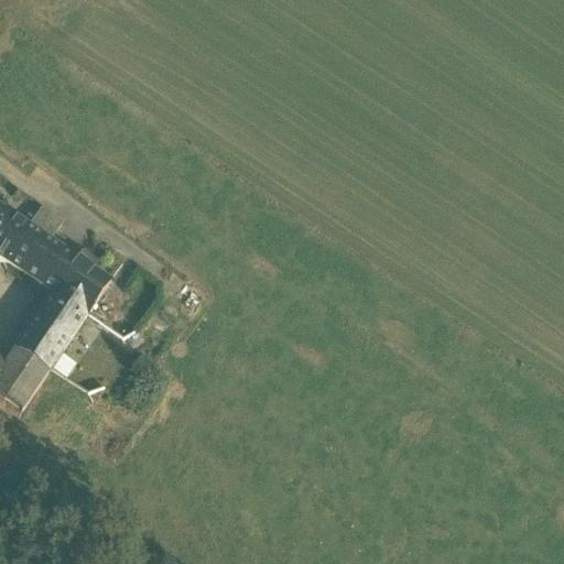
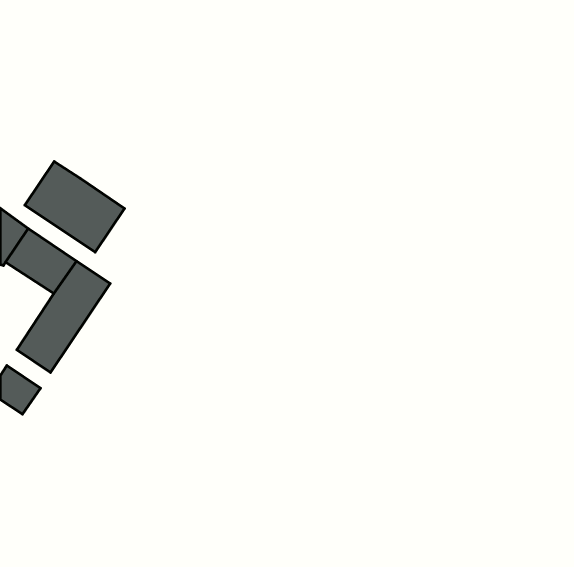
building: none -> [25,162,124,252]
building: [7,343,50,380] -> none

